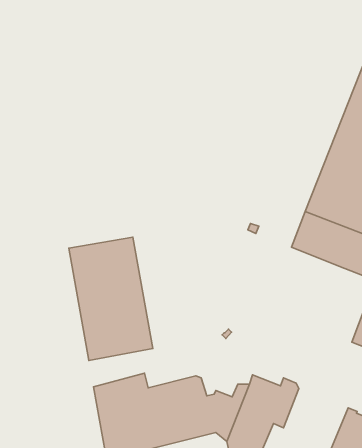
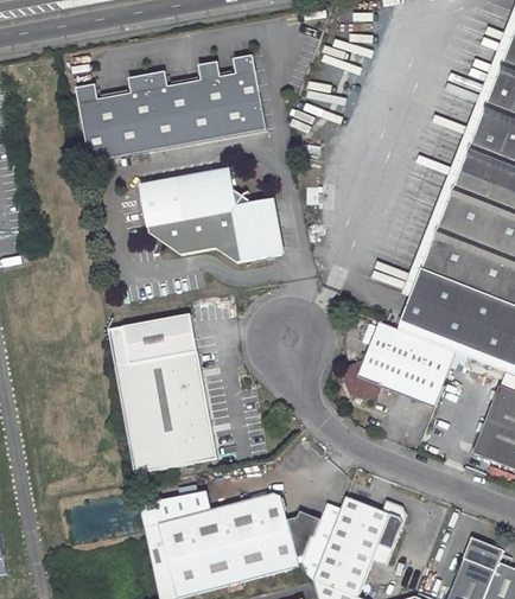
building: none -> [75,56,266,163]
building: none -> [138,170,280,262]
building: none -> [345,319,457,406]

